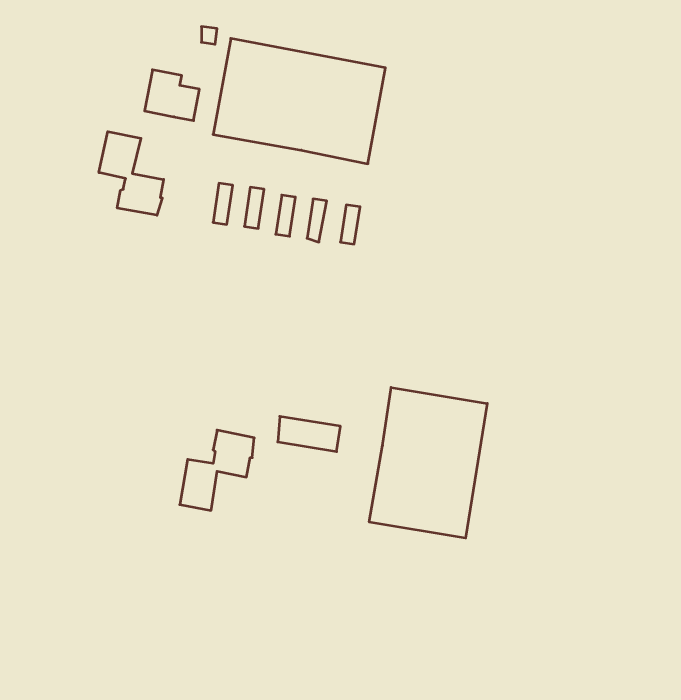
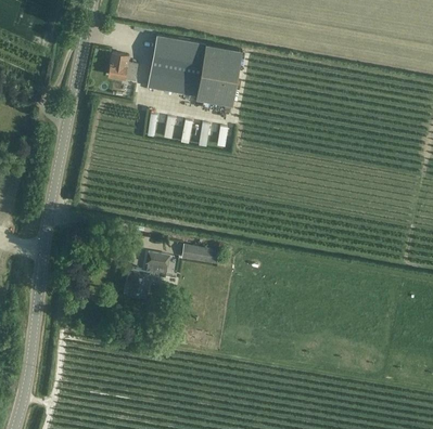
building: [99,132,164,215] -> none
building: [369,387,487,538] -> none

